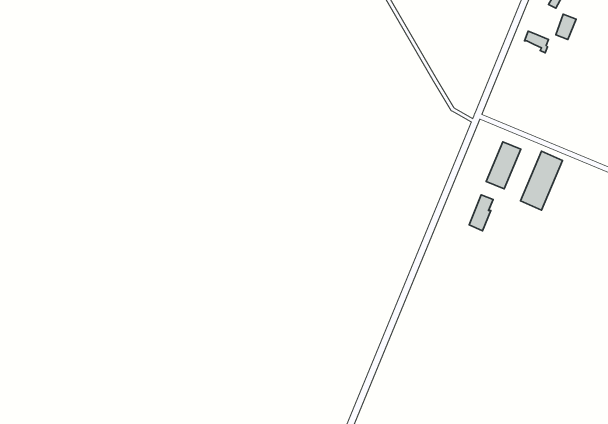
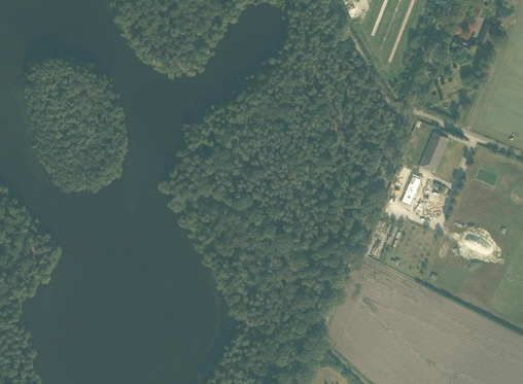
building: [520,151,563,210] -> none

